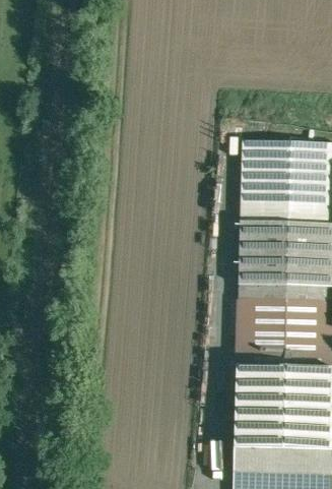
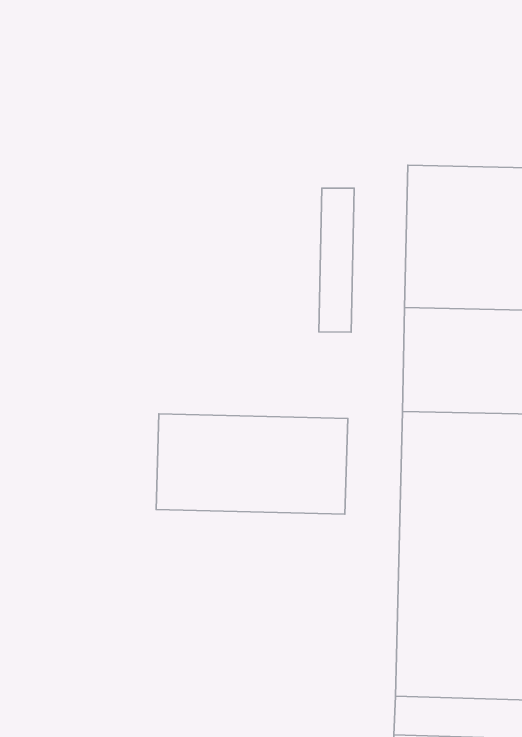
building: none -> [319,188,354,332]
building: none -> [156,414,348,514]

